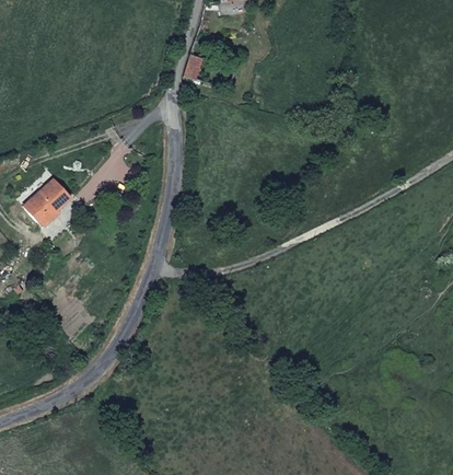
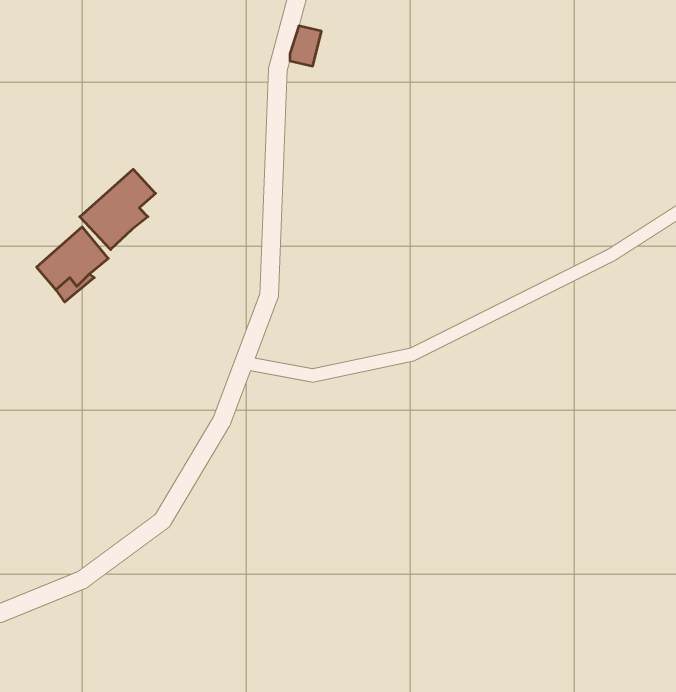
building: none -> [80,169,156,250]

